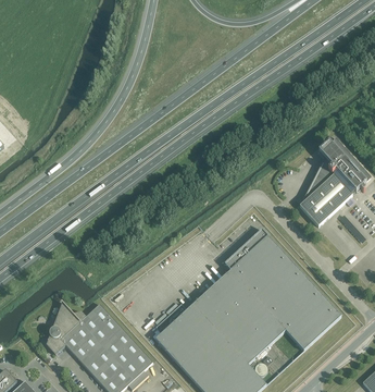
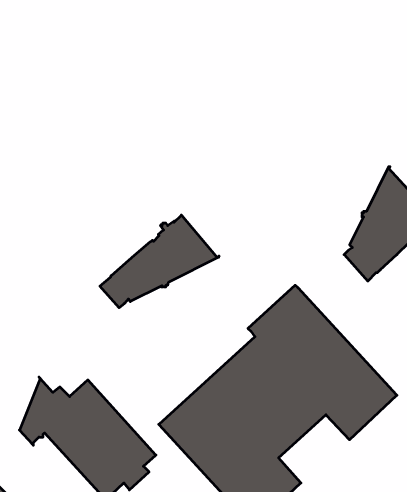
building: none -> [100,215,219,308]

